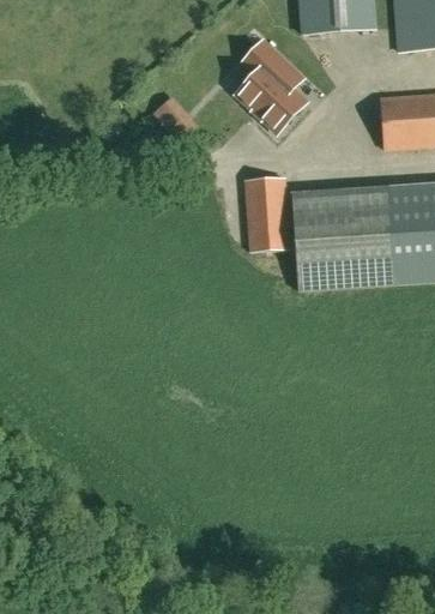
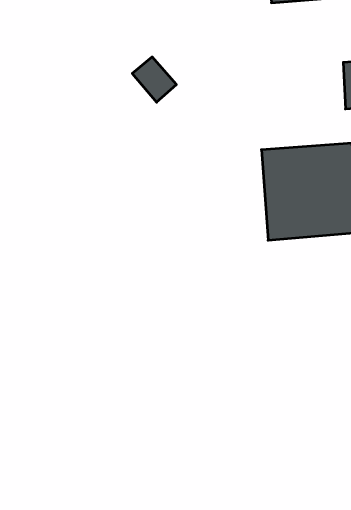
building: [231,42,302,133] -> none
building: [246,175,289,251] -> none

